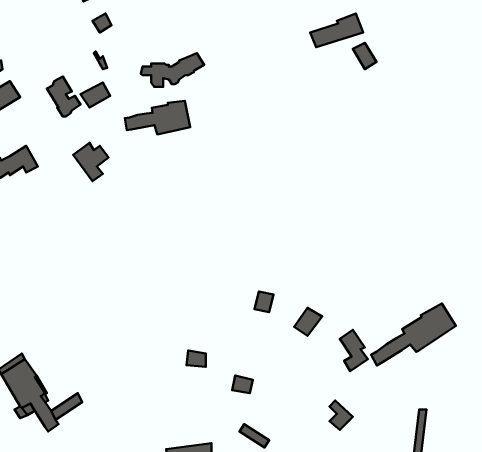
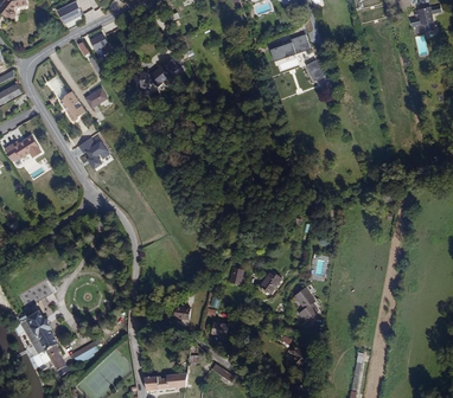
building: [125,101,190,134] -> none
building: [371,303,456,366] -> none

